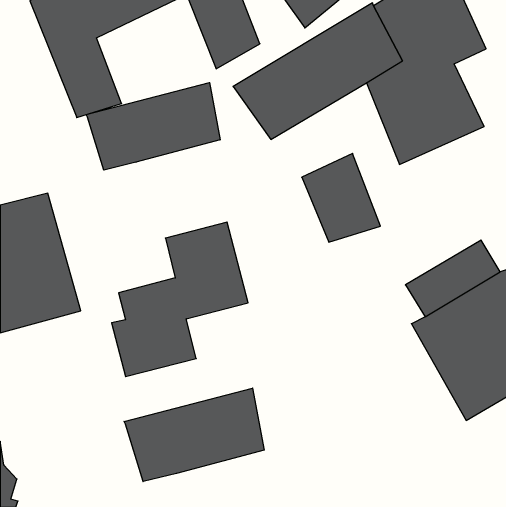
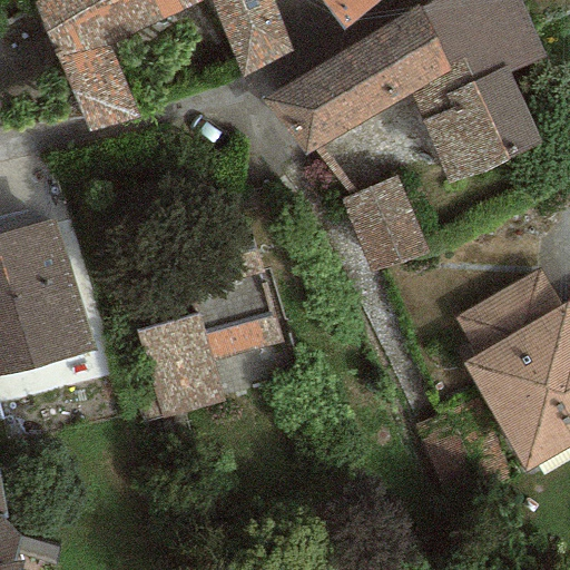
building: [86,83,220,170] -> none
building: [124,388,264,482] -> none

